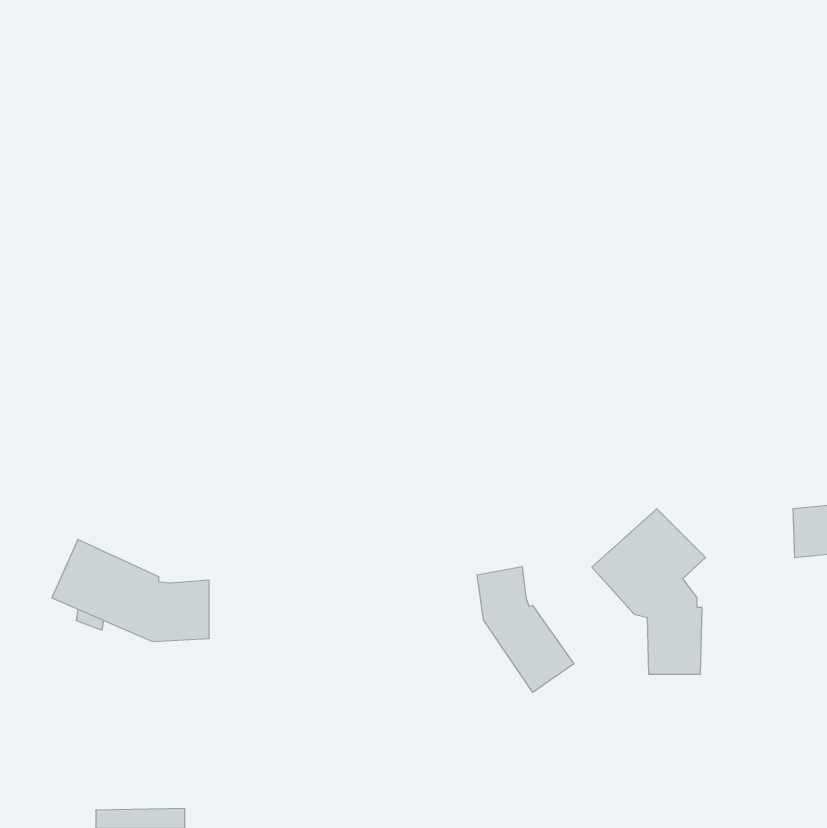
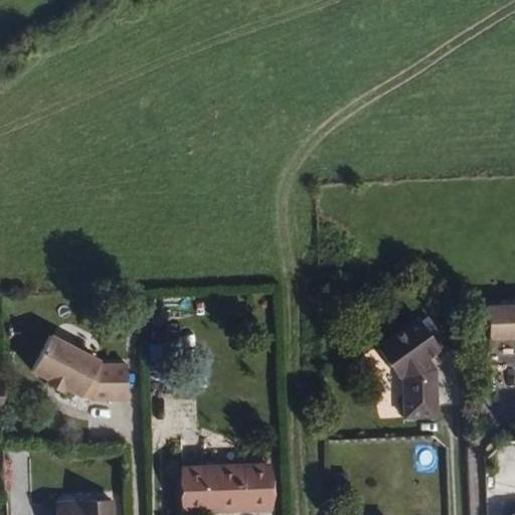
building: [477,566,574,692] -> none
building: none -> [190,464,276,510]

